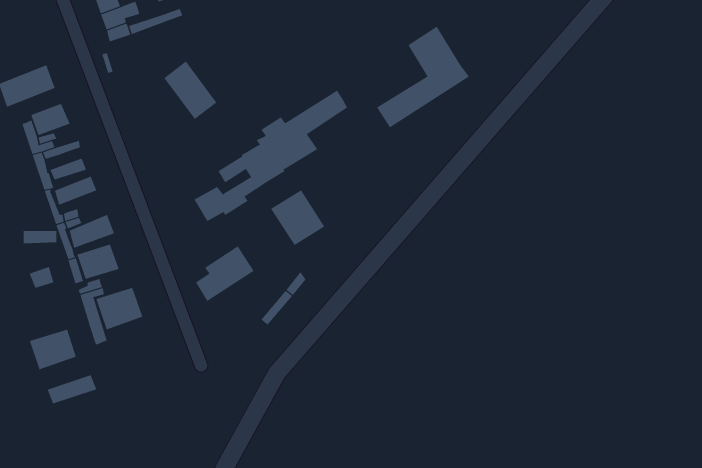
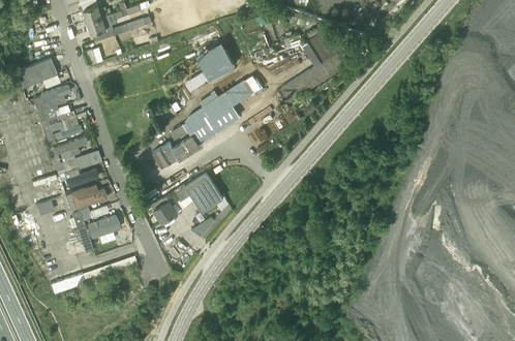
building: none -> [199,40,238,80]
building: [163,61,217,120] -> none
building: [270,189,325,246] -> [185,173,223,212]
building: [29,329,76,370] -> none

